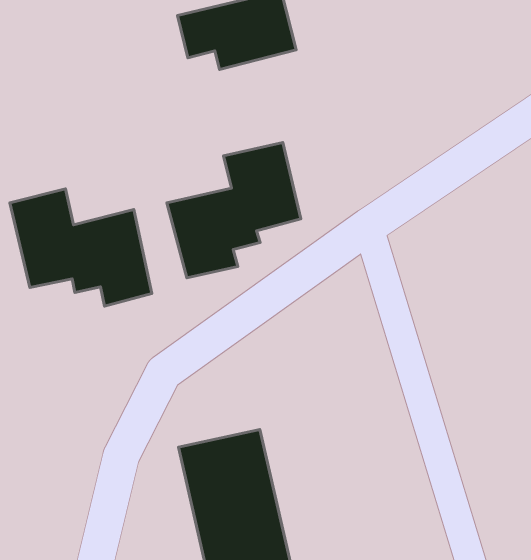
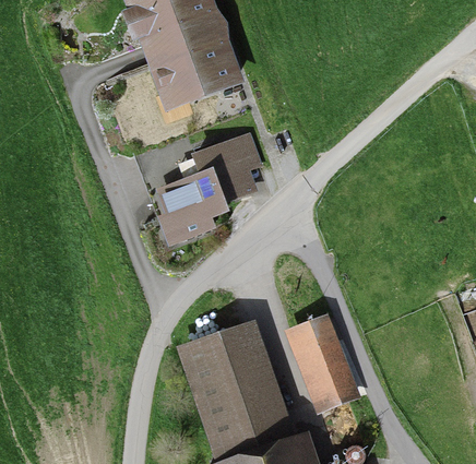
building: [10,189,152,306] -> none
building: none -> [297,321,355,406]

